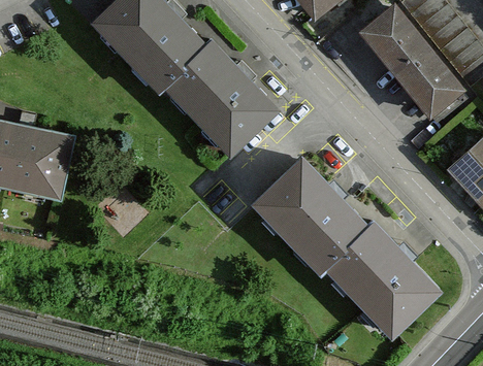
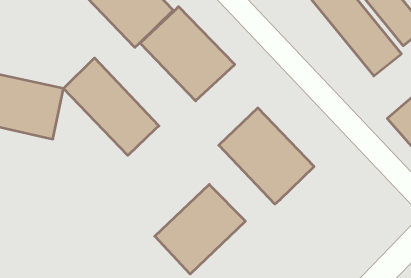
building: none -> [64,58,159,155]
building: [326,222,434,332] -> none
building: none -> [155,184,245,274]

